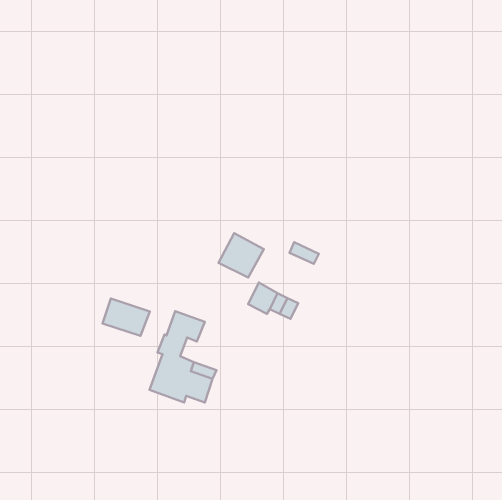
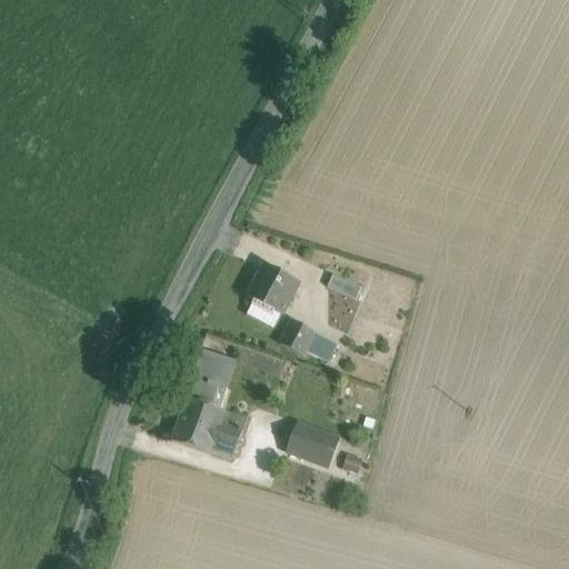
building: [102,299,150,336] -> none
building: none -> [289,422,340,467]

